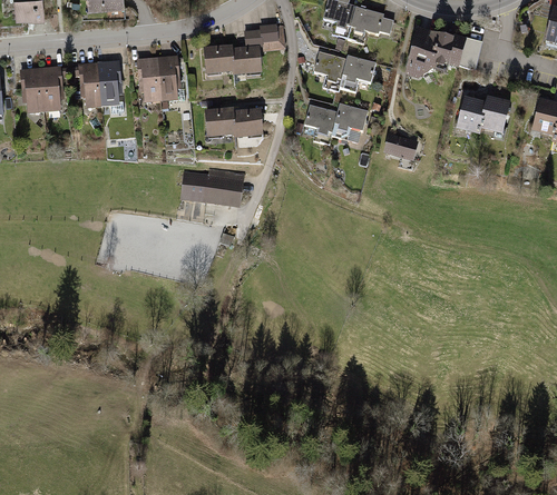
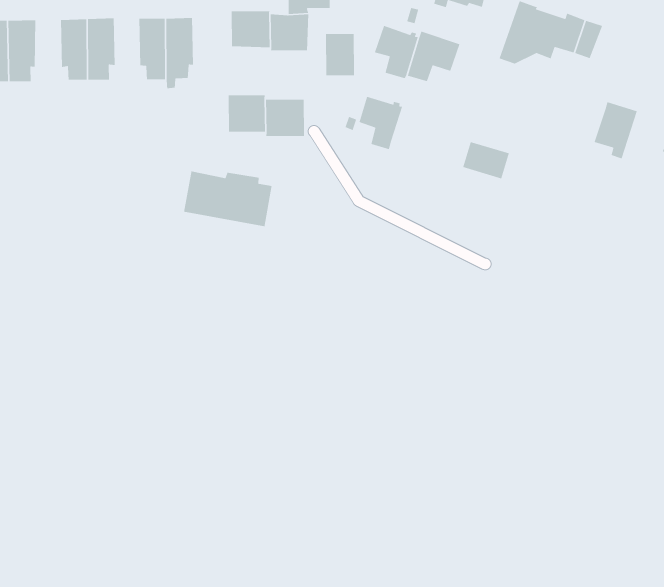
building: none -> [325,33,355,76]
building: [455,96,486,135] -> none
building: [330,103,368,138] -> none

